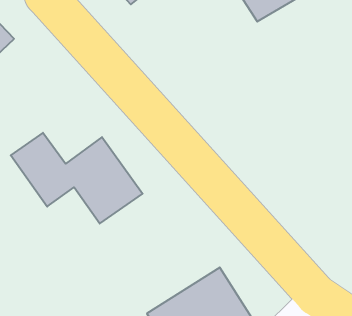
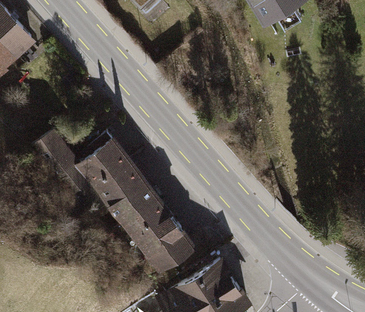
building: none -> [111,182,192,269]

